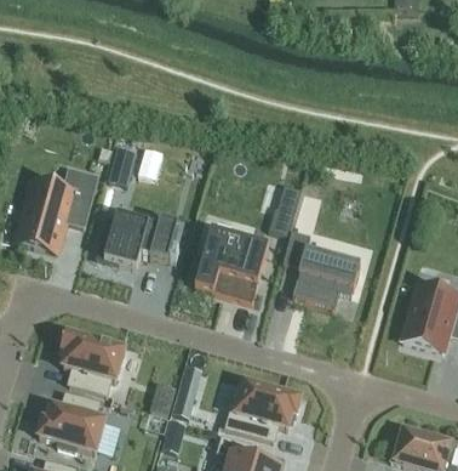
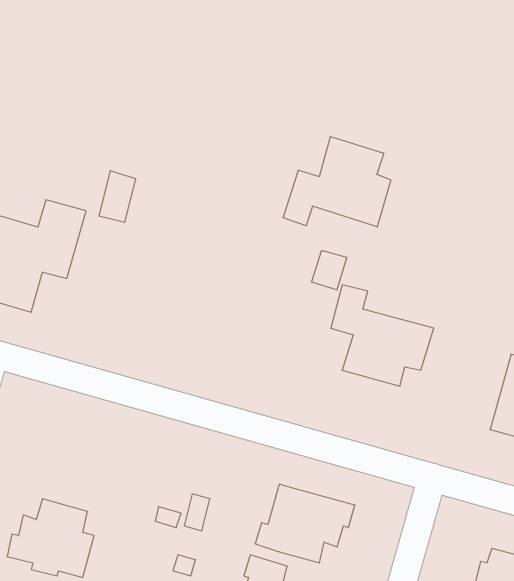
building: none -> [283,137,391,227]
building: [103,212,178,267] -> none
building: [194,228,268,302] -> none
building: [63,333,125,395] -> none

